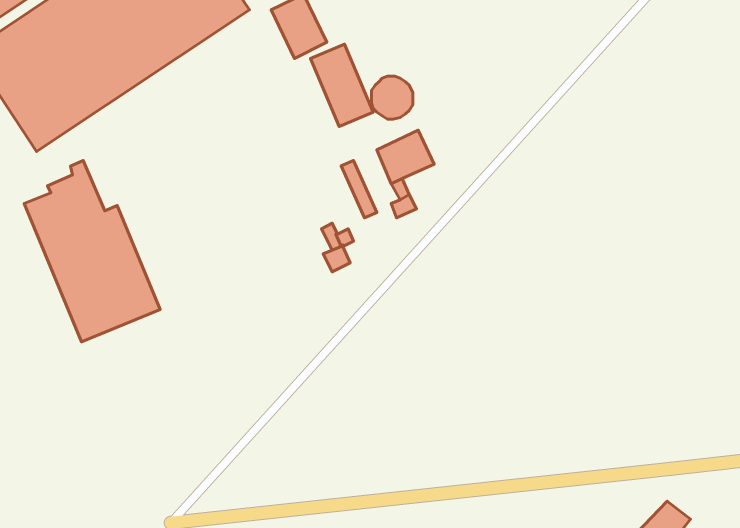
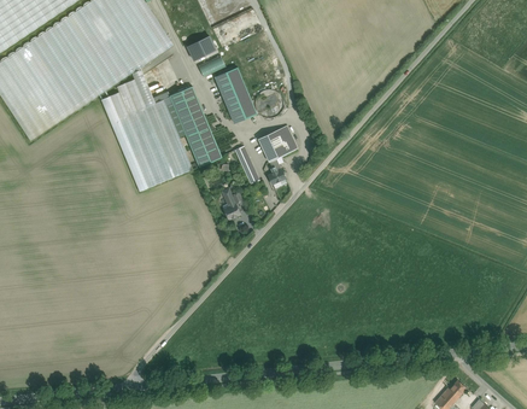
building: none -> [169,86,221,166]
building: [24,161,160,342] -> [100,70,192,192]

